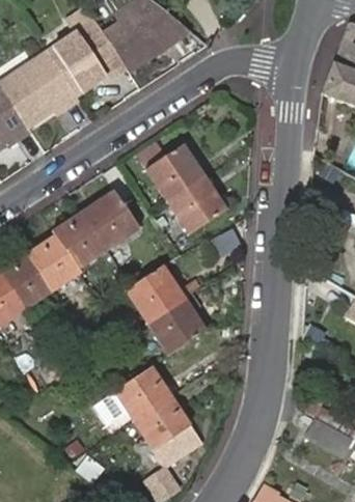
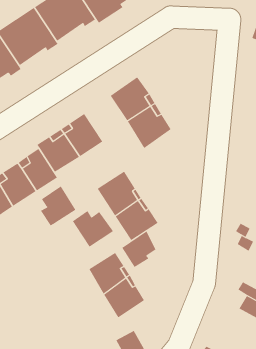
building: none -> [40,185,76,226]
building: none -> [72,210,114,247]
building: none -> [122,231,156,268]

